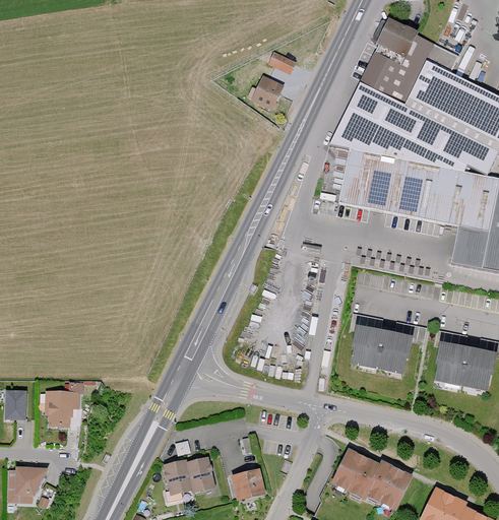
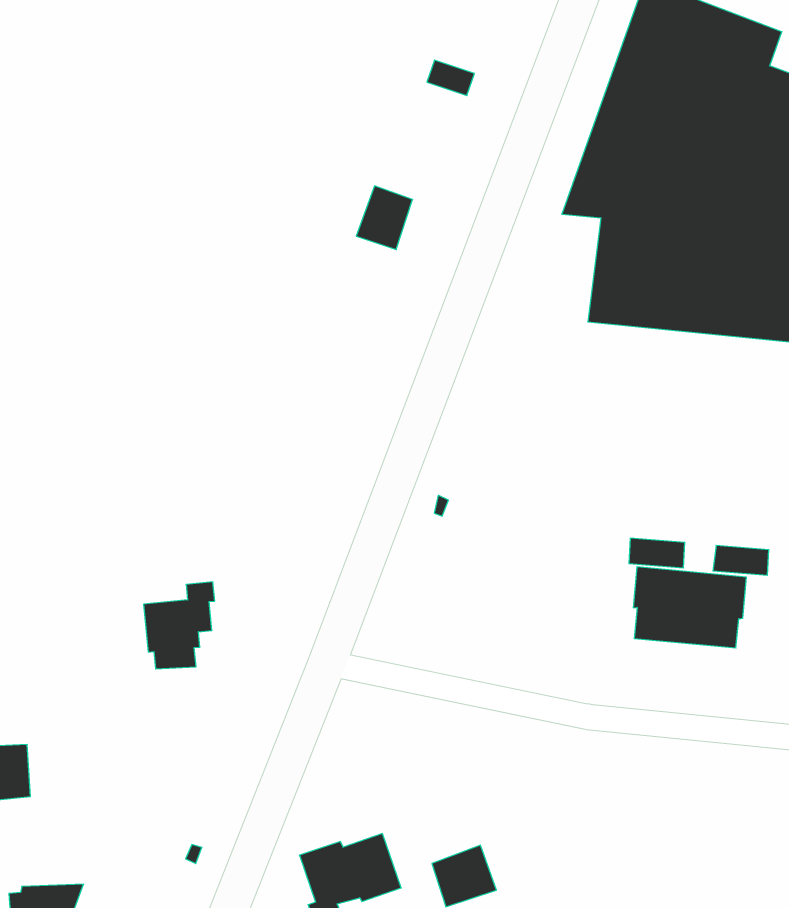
building: [251,77,283,112] -> [356,186,413,250]
building: [45,384,82,428] -> [144,582,215,669]
building: [331,447,413,510] -> none

